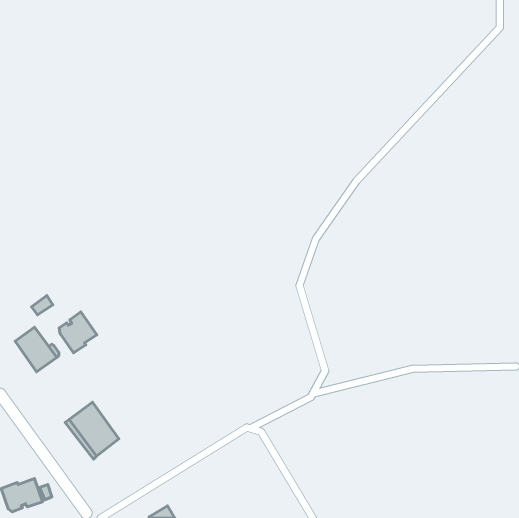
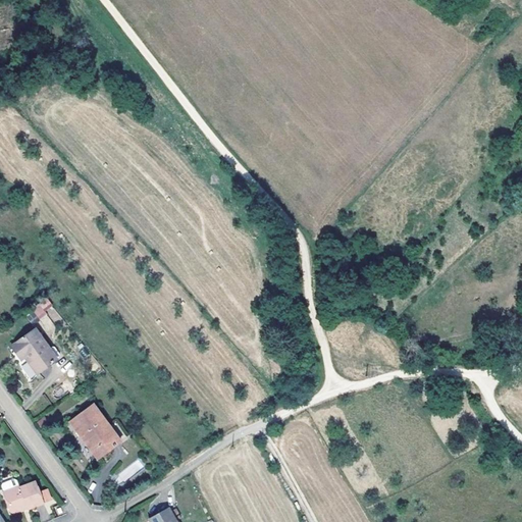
building: [59,312,97,353] -> none

